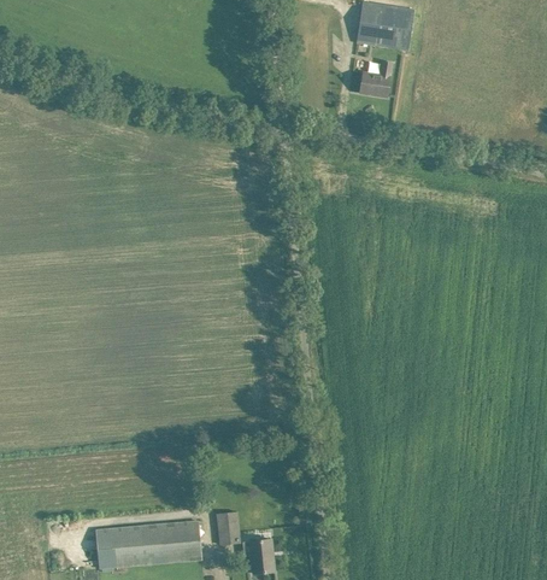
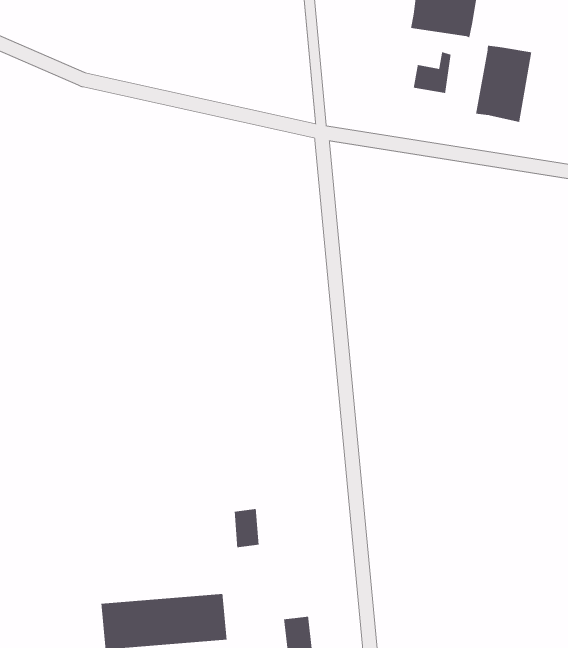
building: none -> [475,45,532,123]
building: [218,510,240,544] -> [234,508,259,548]

